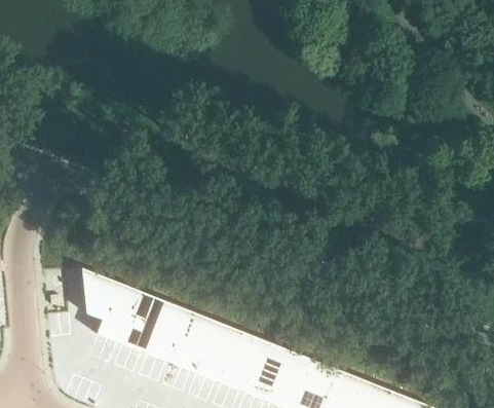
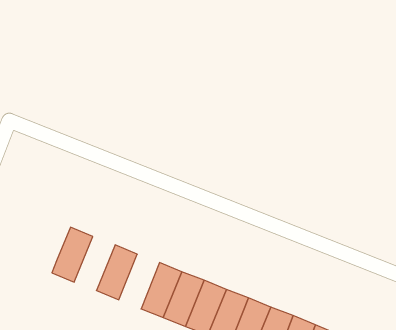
building: [82,269,117,320] -> none
building: [121,293,166,353] -> none
building: [170,312,216,373] -> none

